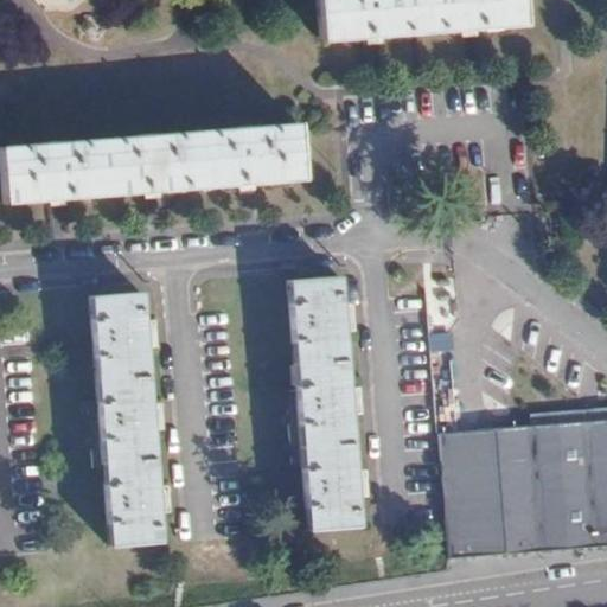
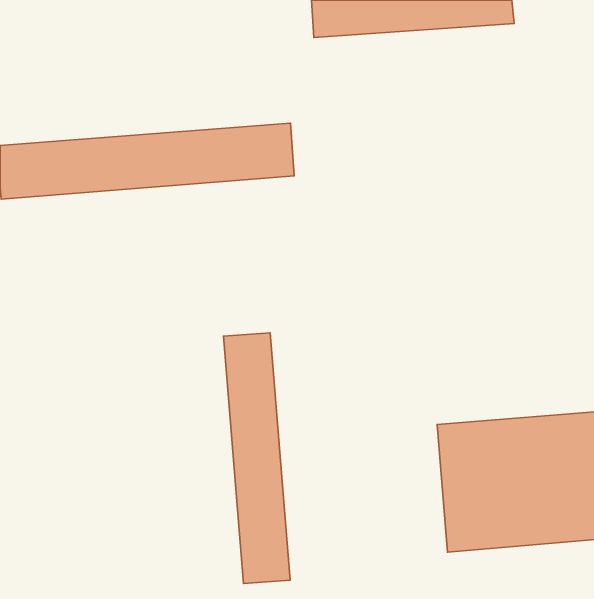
building: [293,276,360,530] -> [223,333,290,584]
building: [92,292,162,545] -> none

